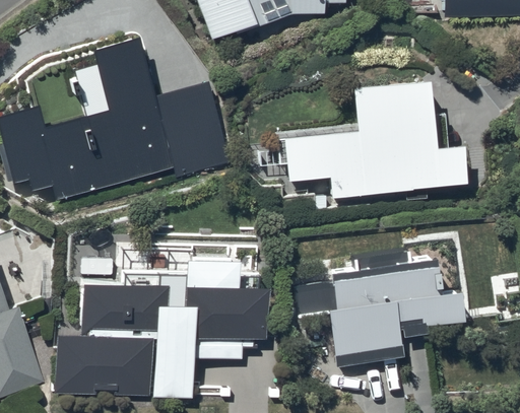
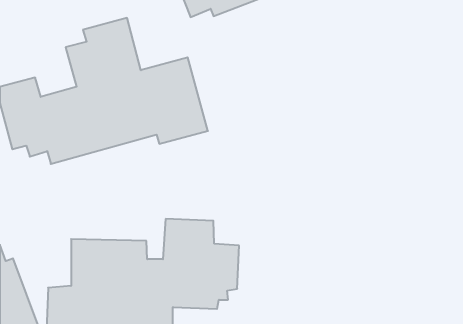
building: [284,78,463,197] -> none
building: [325,258,459,368] -> none

